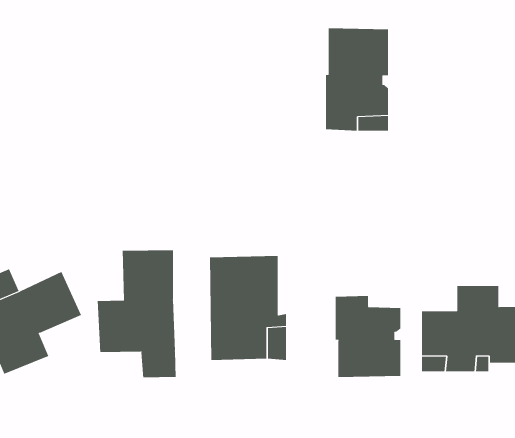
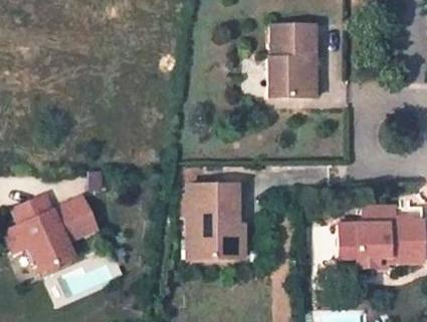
building: [97,249,176,378] -> none
building: [335,295,401,378] -> none

